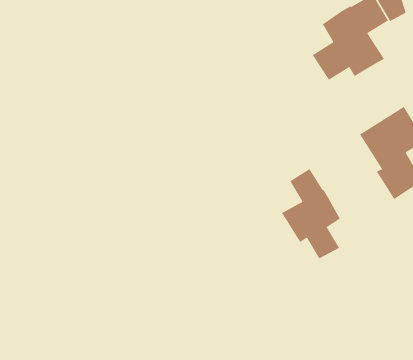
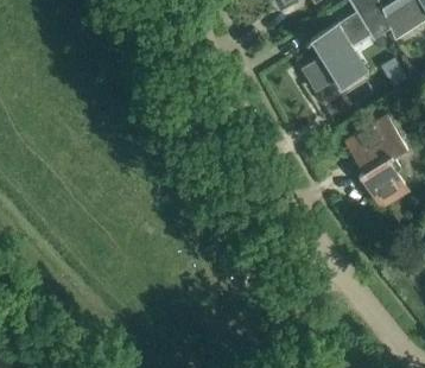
building: [281,168,341,259] -> none

